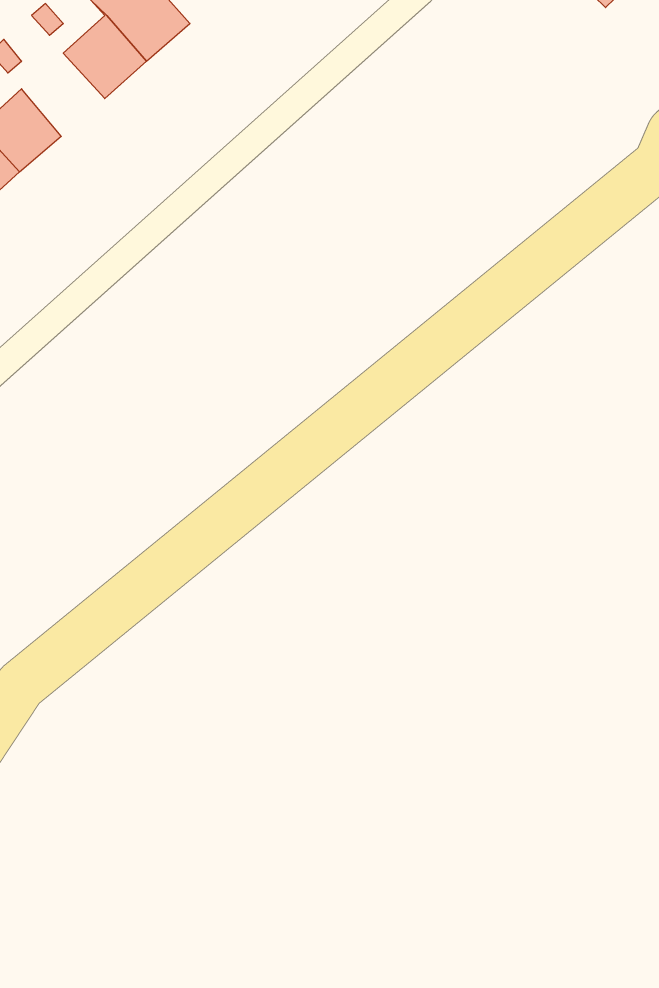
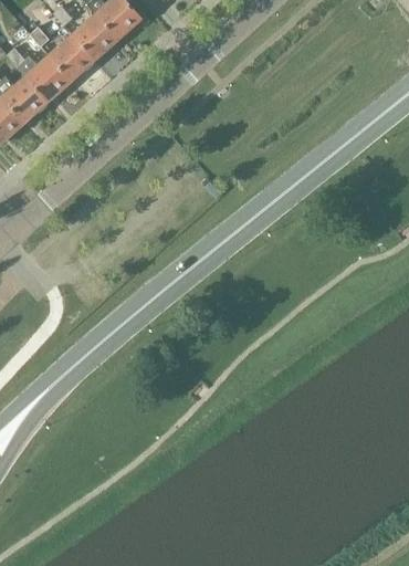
building: none -> [50,34,96,81]

